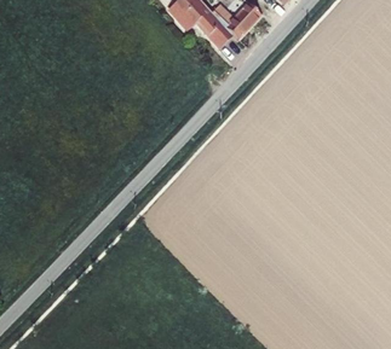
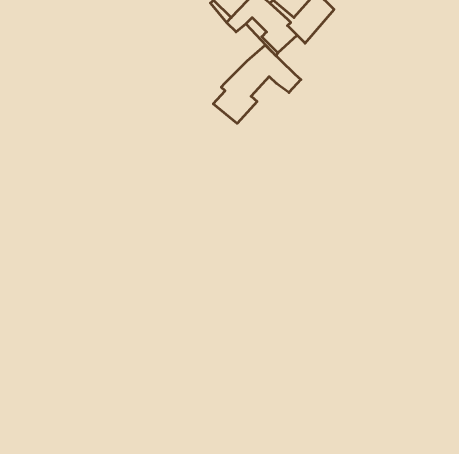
building: none -> [213,45,301,123]

